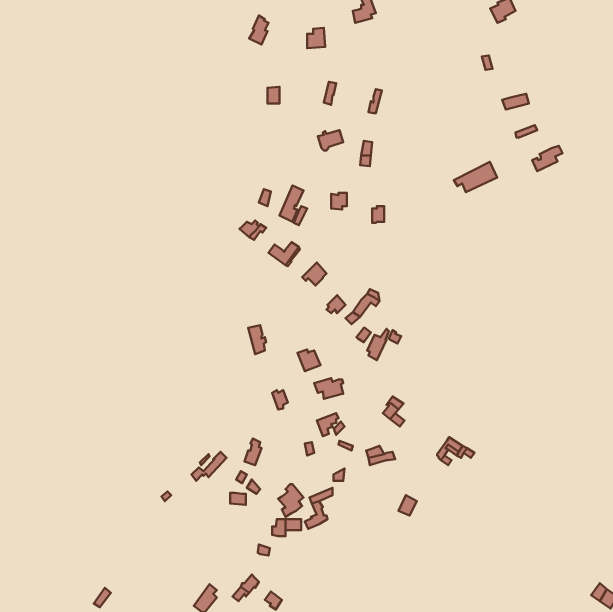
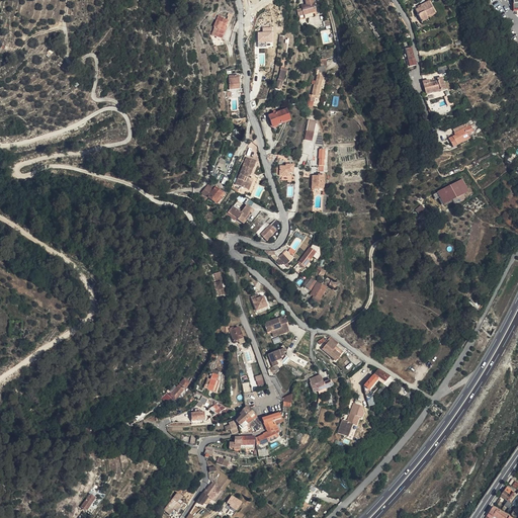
building: [454,162,497,192] -> [435,175,471,200]

